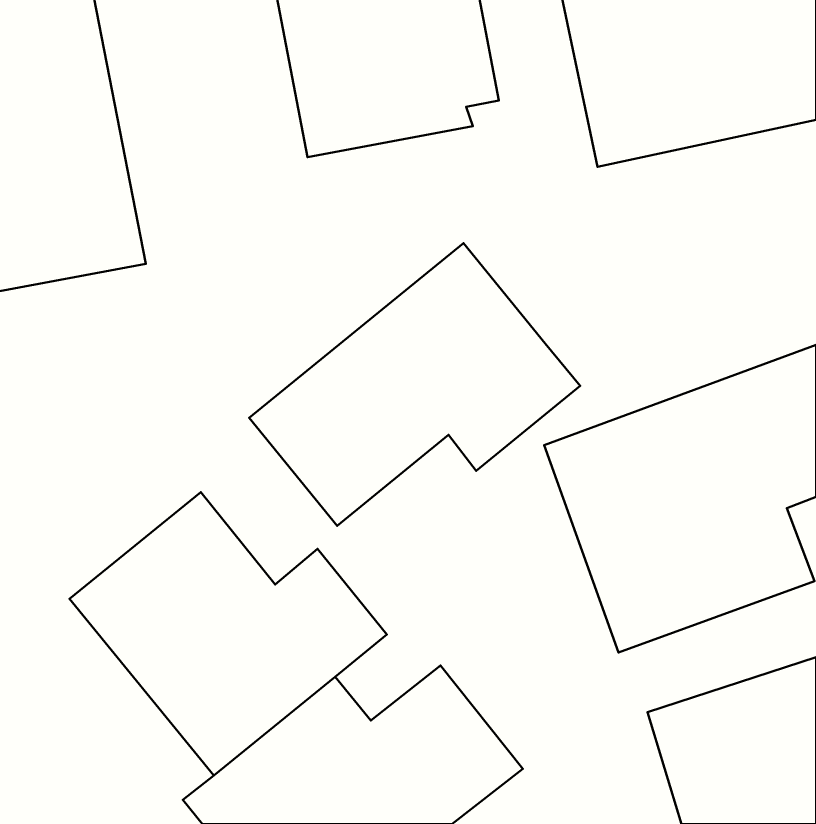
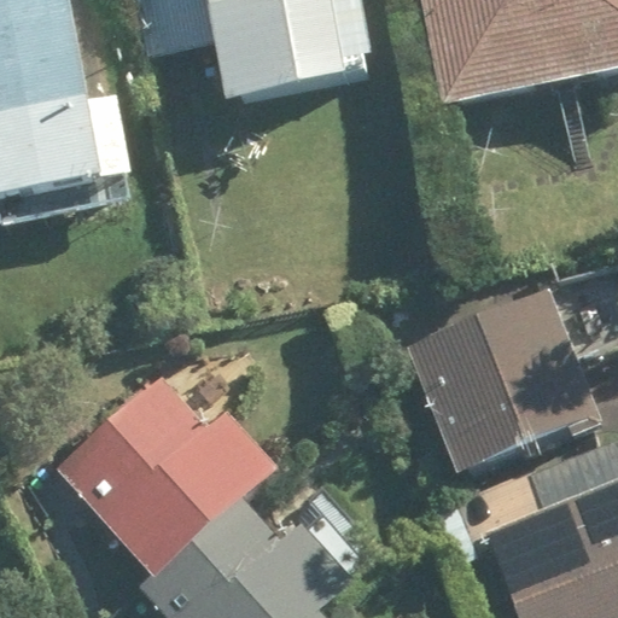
building: [249,243,580,526] -> none

